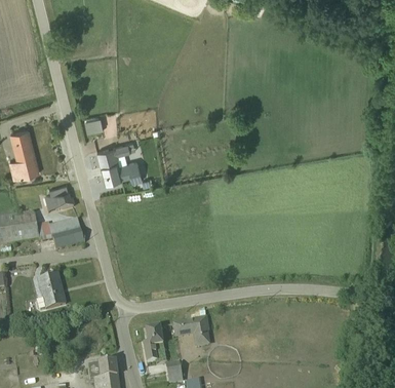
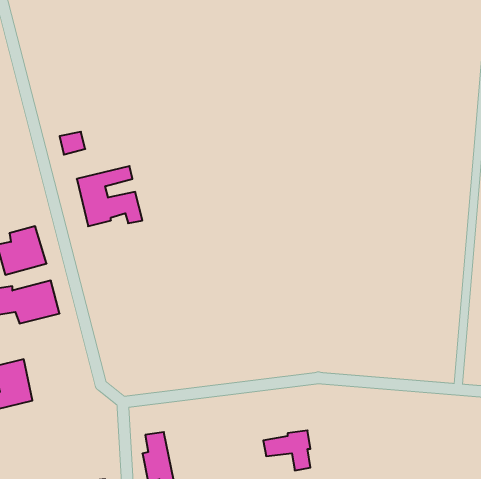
building: [174,315,208,344] -> [263,430,310,470]

